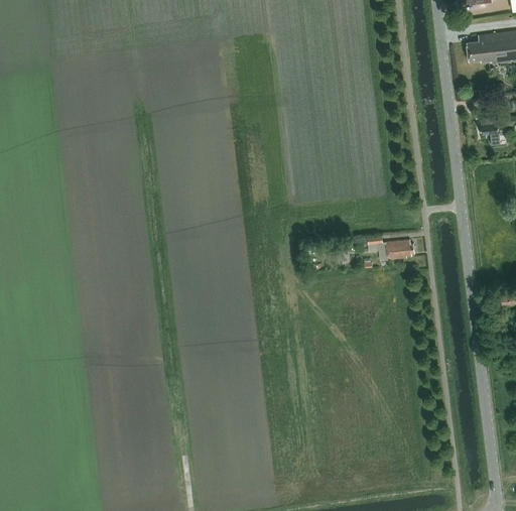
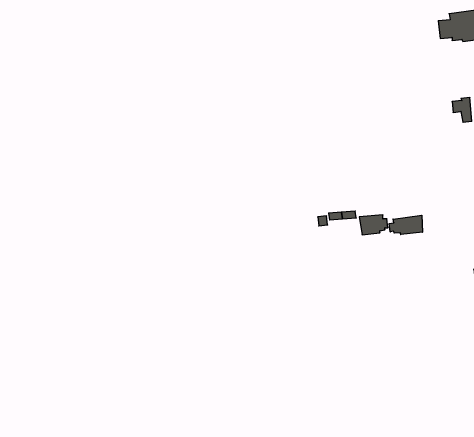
building: none -> [389,215,422,235]

